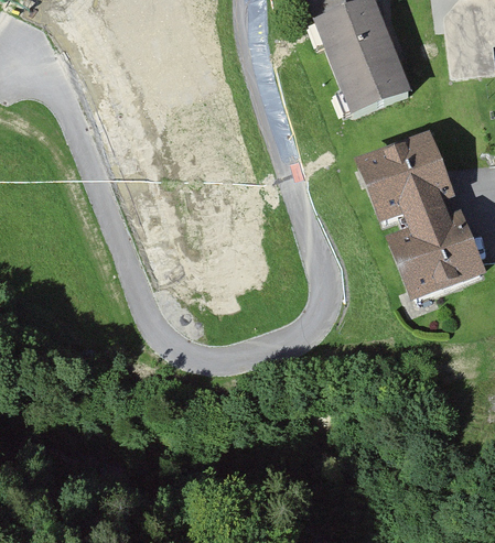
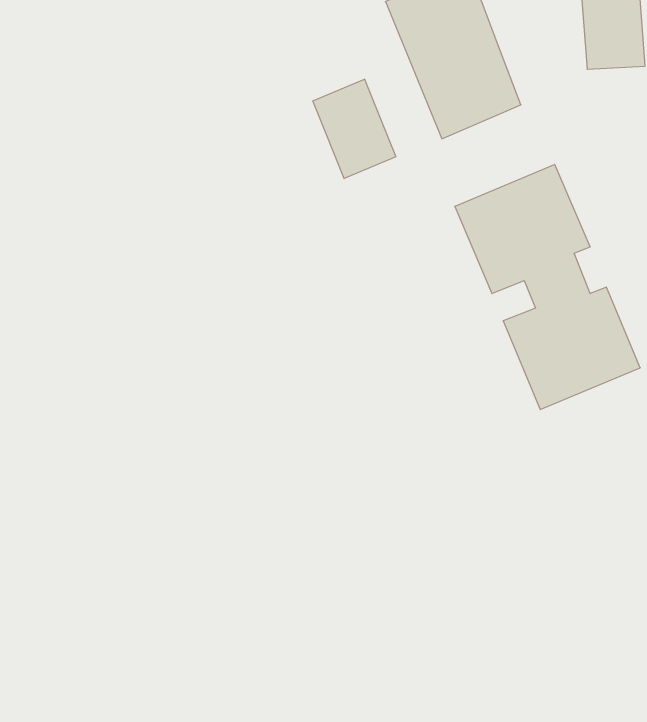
building: none -> [313,79,396,179]

